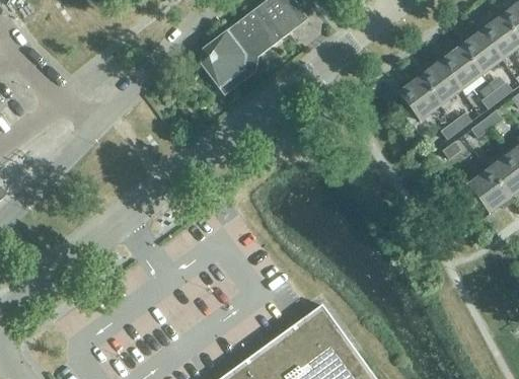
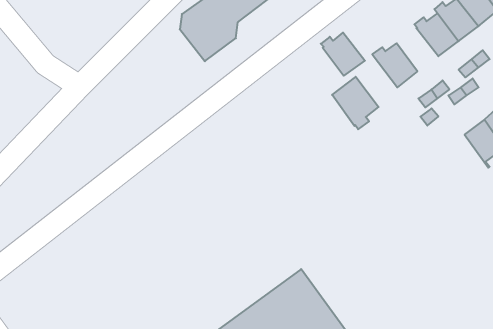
building: [417,61,461,104] -> [321,33,365,76]
building: none -> [332,77,379,129]
building: [466,168,512,212] -> none

